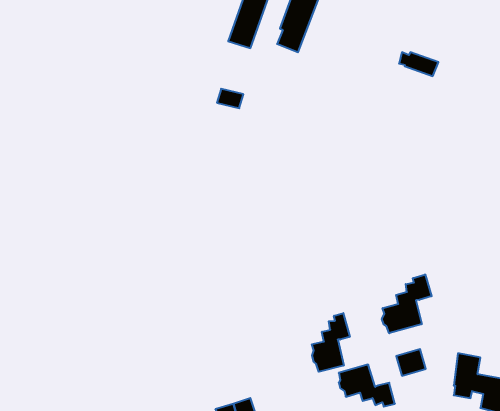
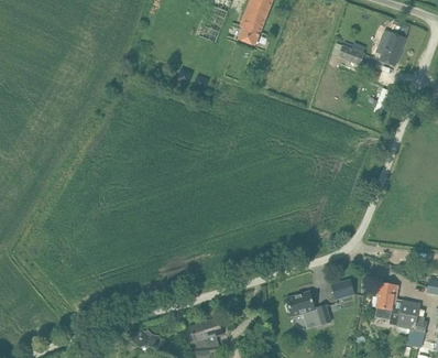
building: none -> [379,32,405,66]
building: [382,274,432,333] -> none
building: [312,313,350,372] -> none

